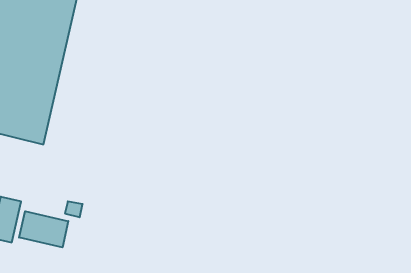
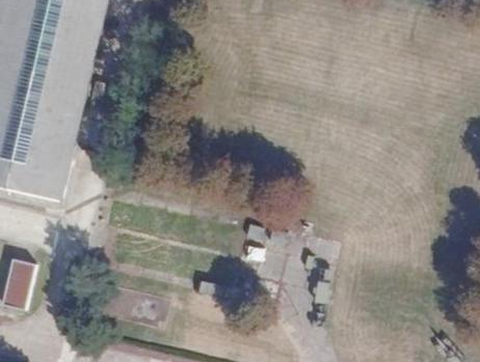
building: [19,211,68,247] -> none

